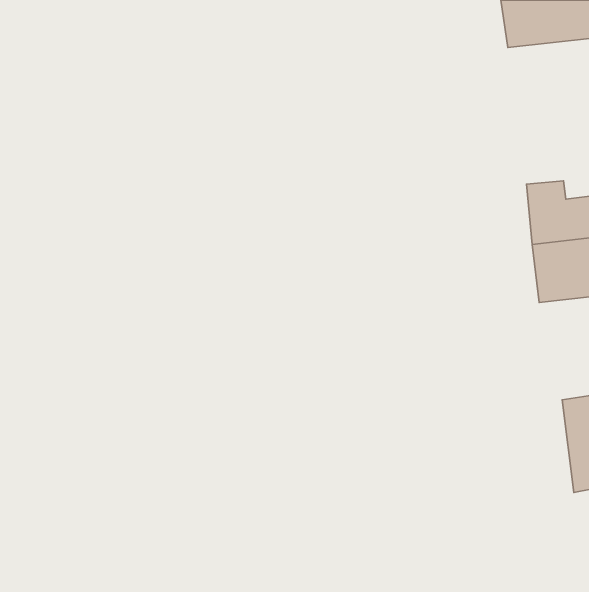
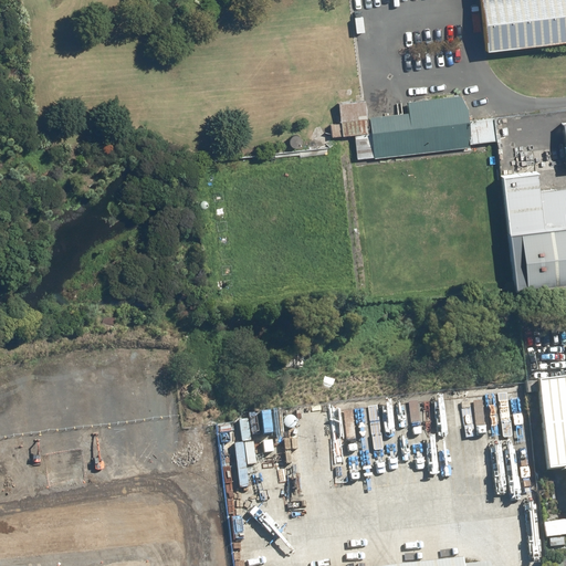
building: none -> [332,95,497,160]

